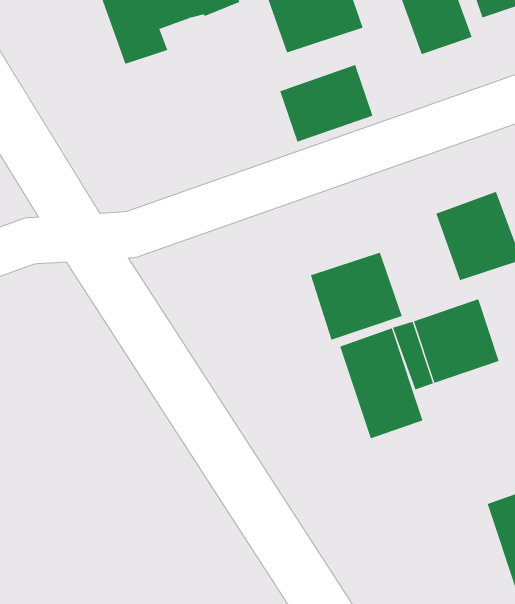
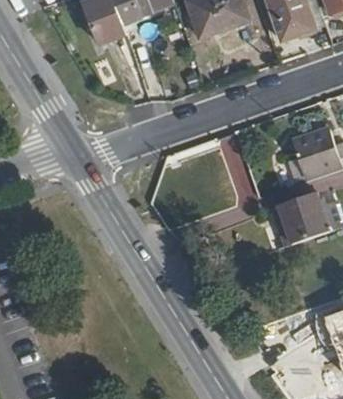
building: [279,64,373,143] -> none
building: [310,252,402,340] -> none
building: [339,327,423,439] -> none

